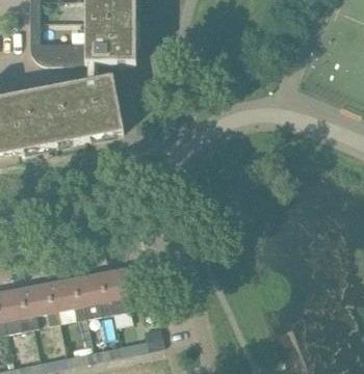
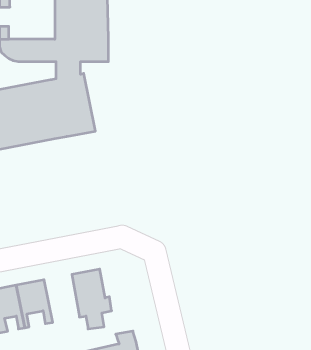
building: [74,272,108,319] -> none

